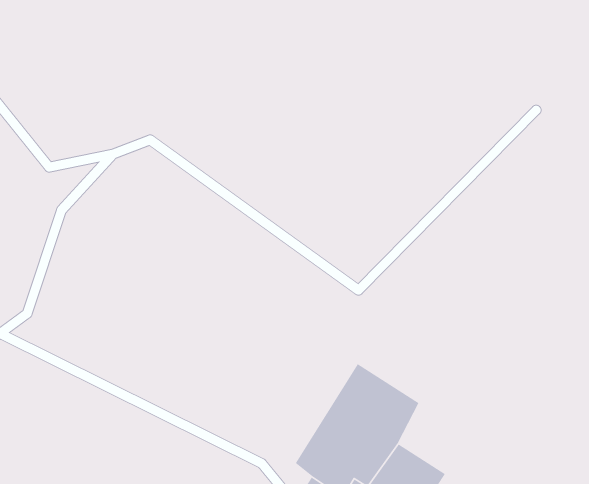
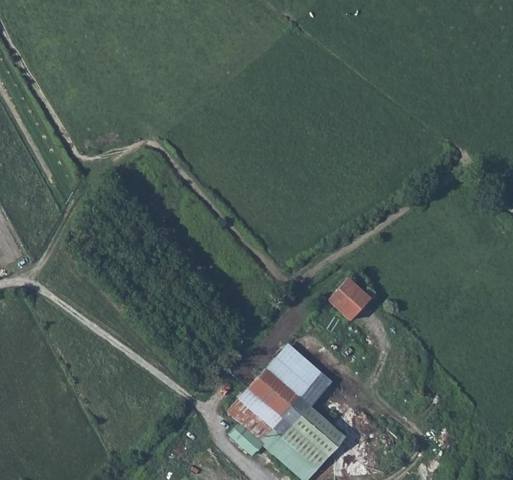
building: none -> [328,279,370,321]

